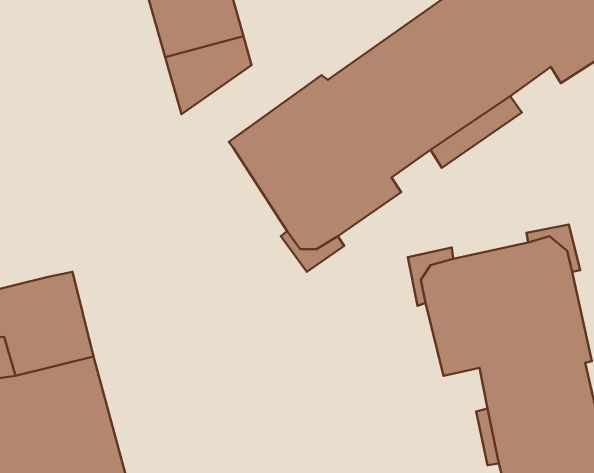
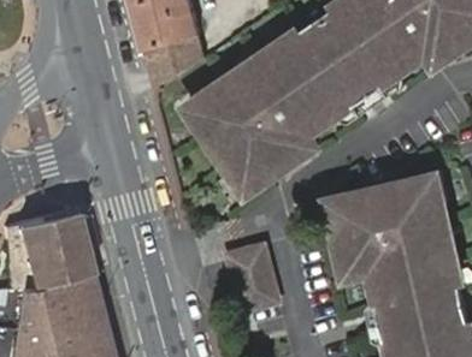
building: none -> [230,252,277,315]

